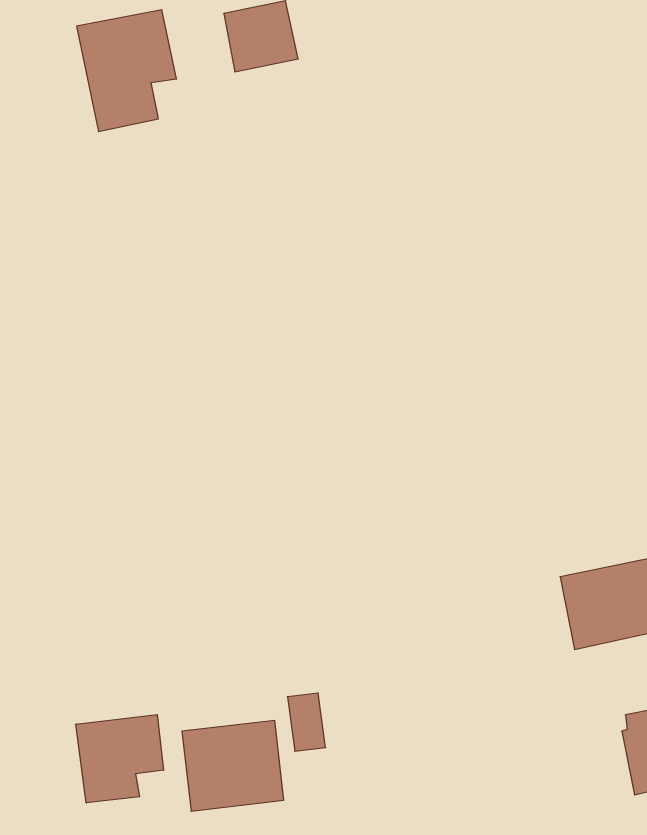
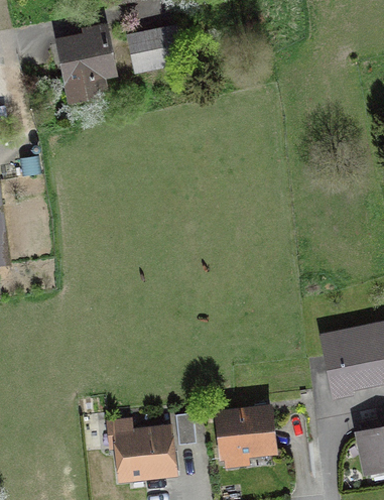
building: none -> [217,408,273,467]
building: [76,715,164,803] -> none

